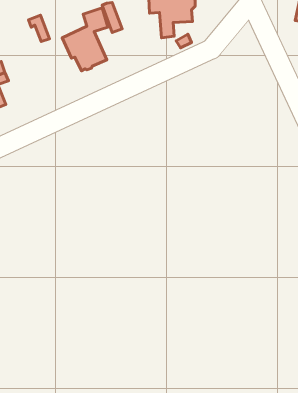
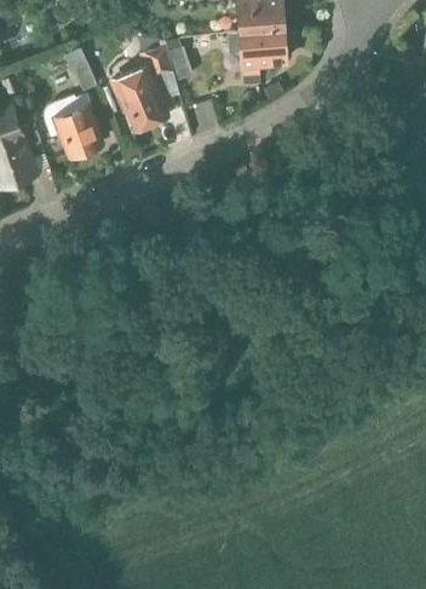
building: none -> [44,94,102,155]

